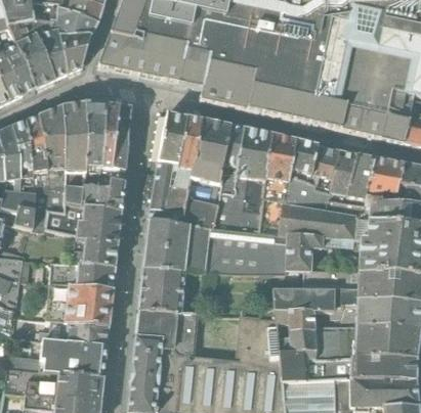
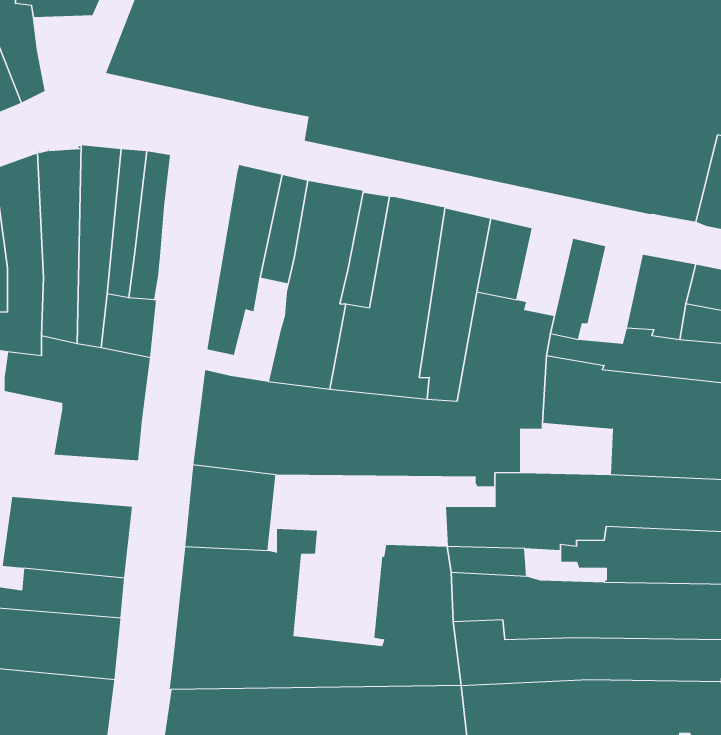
building: [61,34,92,73] -> none
building: [310,143,339,188] -> none
building: [342,152,375,202] -> none
building: [163,185,191,222] -> none
building: [50,260,116,286] -> none

